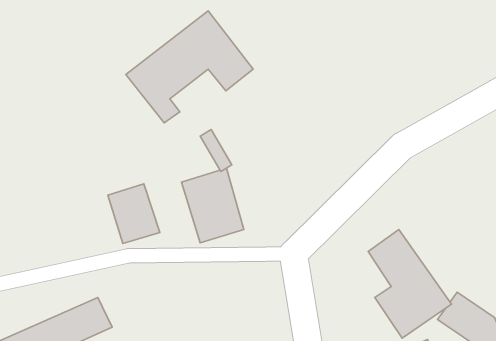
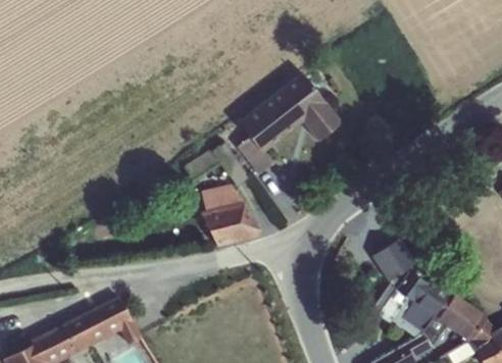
building: [126,11,253,123] -> [225,69,344,173]
building: [108,184,160,244] -> none

